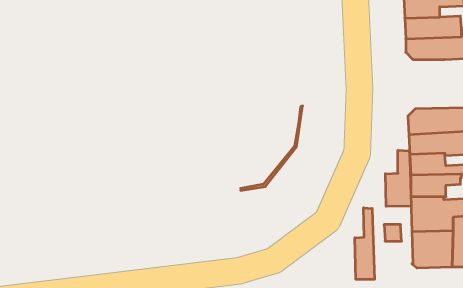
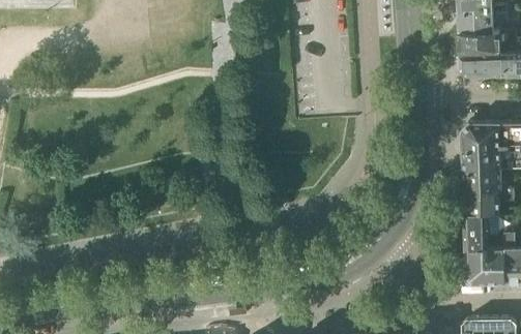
building: [385,150,411,206] -> none
building: [355,208,374,279] -> none

